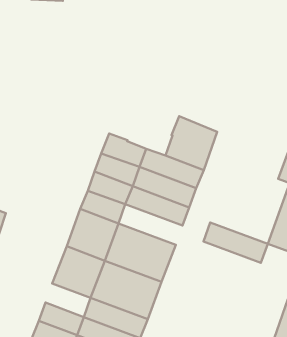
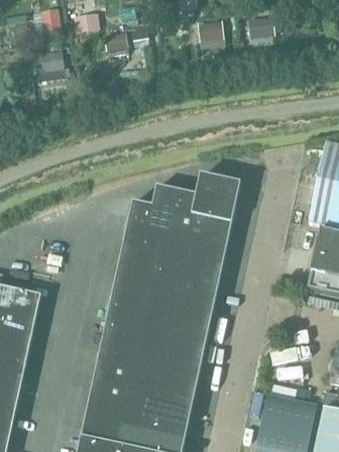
building: none -> [150,189,195,218]
building: [204,222,268,263] -> [153,272,218,306]
building: none -> [92,362,136,391]

